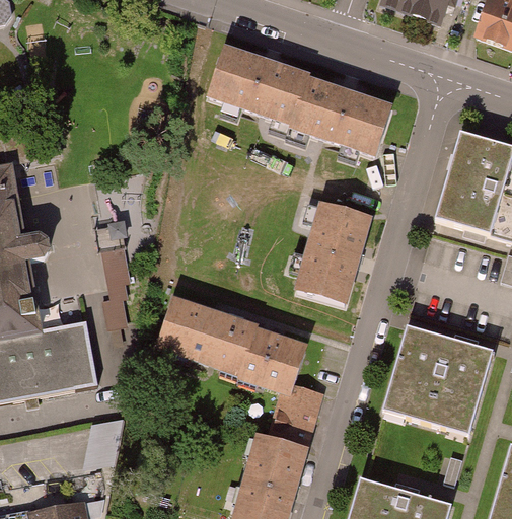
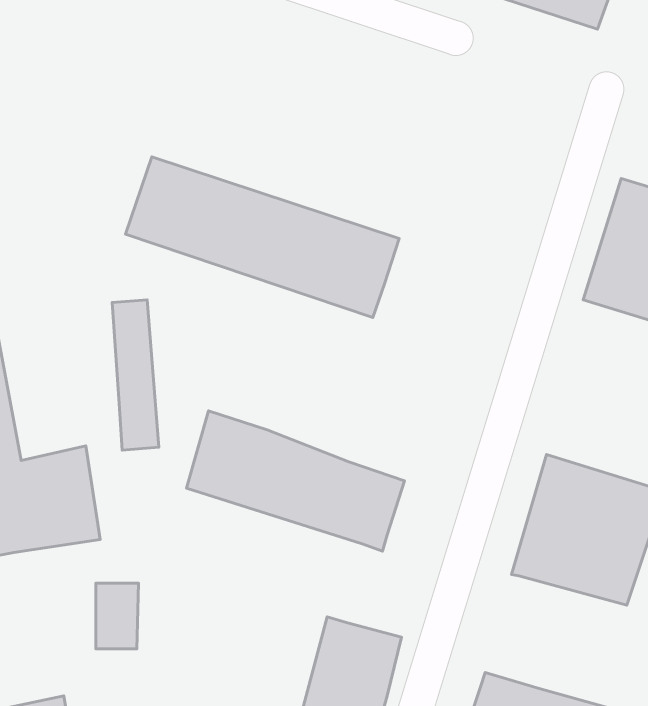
building: [204,46,393,157] -> [126,157,399,318]
building: [294,204,373,306] -> none
building: [268,381,320,452] -> none

